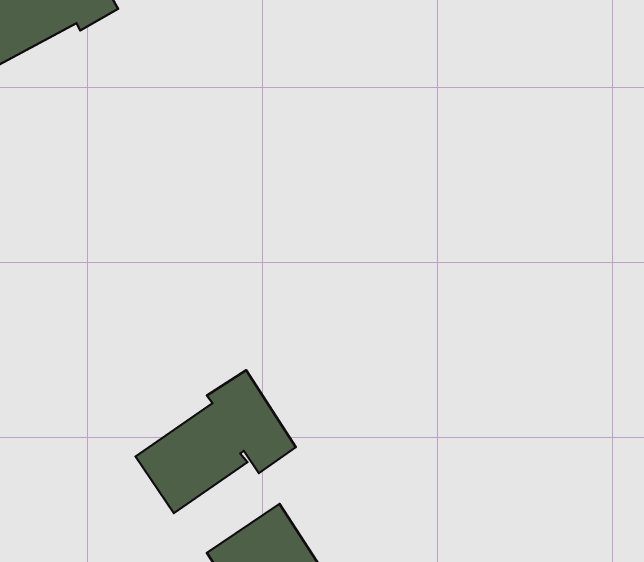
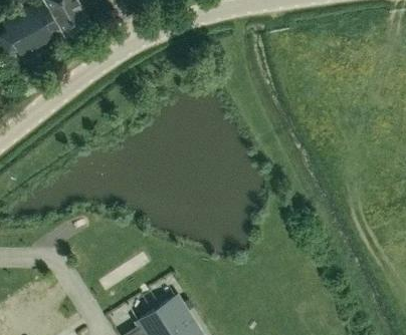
building: [135,370,296,513] -> none

